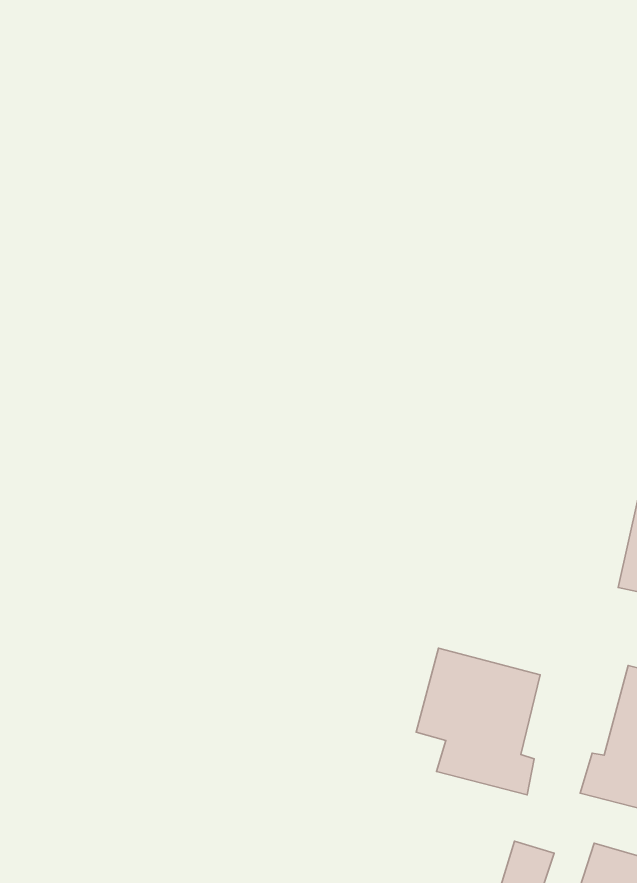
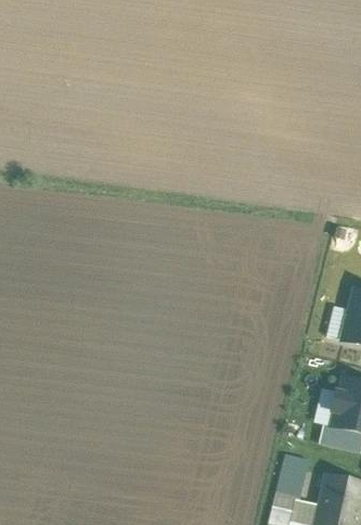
building: [416,648,540,795] -> none

